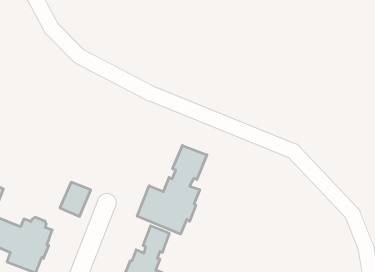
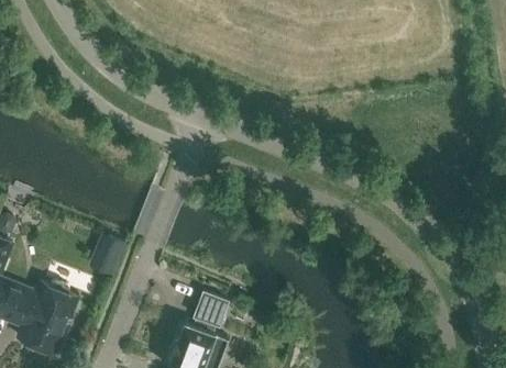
building: [137,145,207,234] -> none

